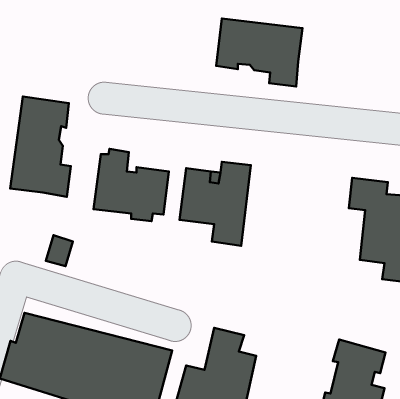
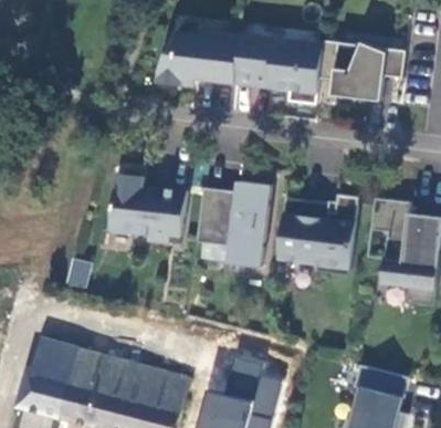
building: none -> [158,30,242,87]
building: none -> [319,42,407,103]
building: [10,96,71,197] -> none
building: none -> [279,196,359,276]

